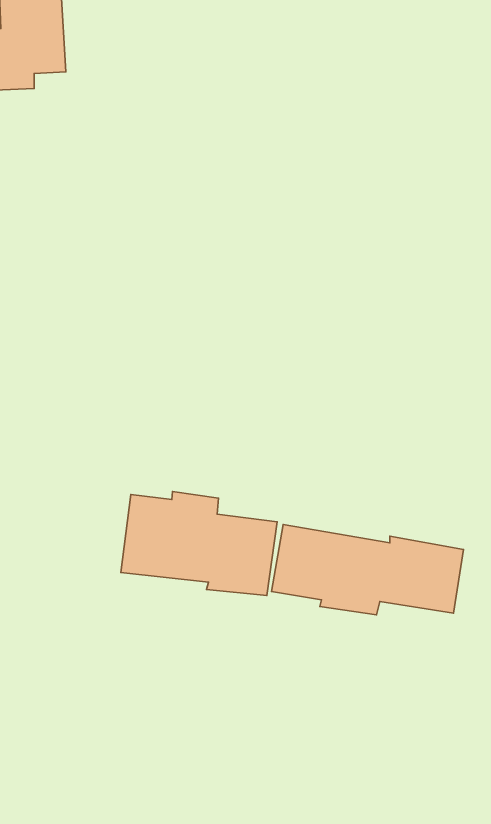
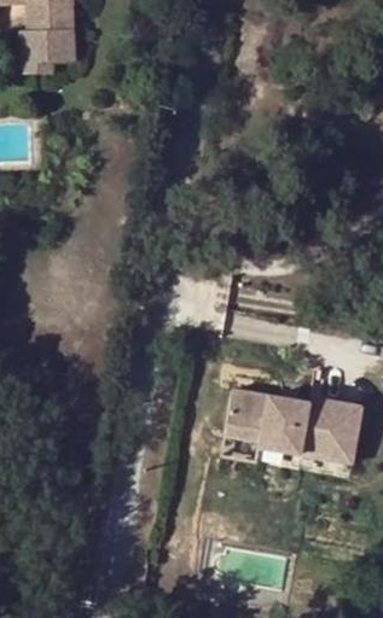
building: [121,491,277,596] -> none

